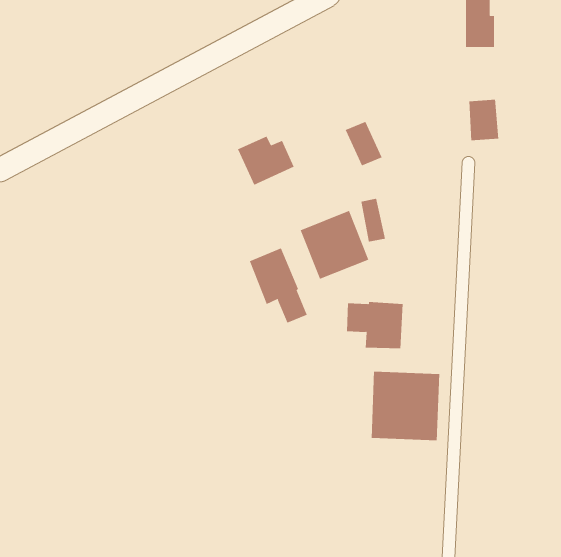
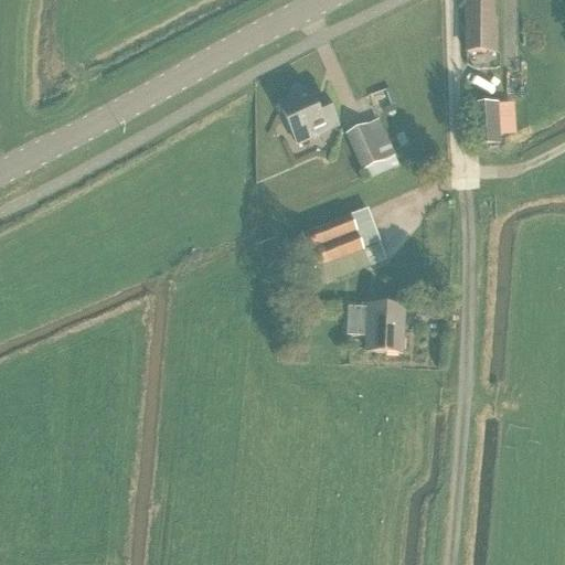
building: [237,136,295,185] -> [281,89,339,139]
building: [249,247,308,324] -> none
building: [371,371,440,441] -> none

